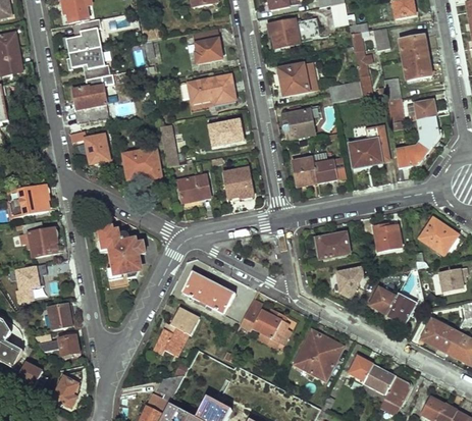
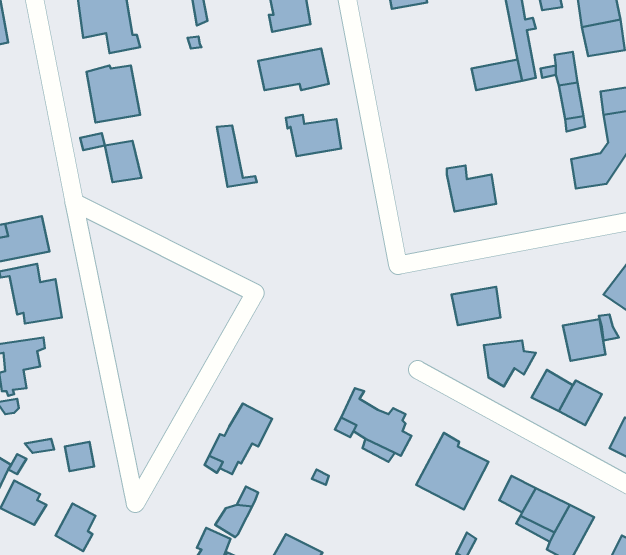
building: [282,63,317,96] -> none
building: [282,109,314,139] -> none
building: [348,122,389,167] -> none
building: [123,148,160,177] -> none
building: [293,157,318,186] -> none
building: [223,167,254,196] -> none
building: [178,174,210,200] -> none
building: [372,221,401,249] -> [563,319,606,361]
building: [97,222,144,276] -> none
building: [181,271,233,313] -> none
building: [49,303,75,328] -> none

